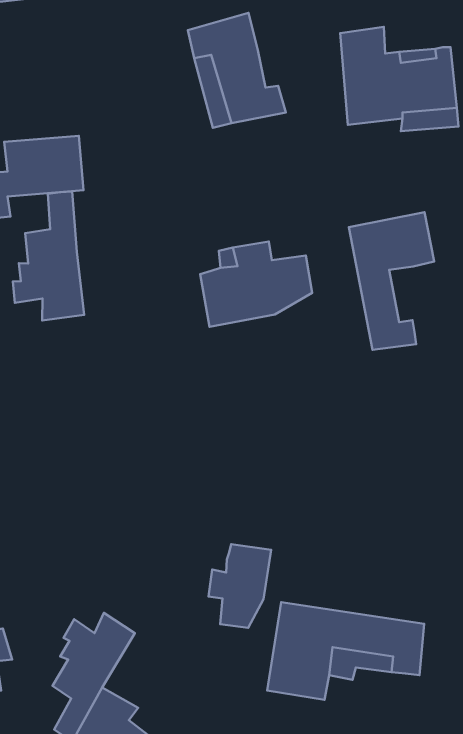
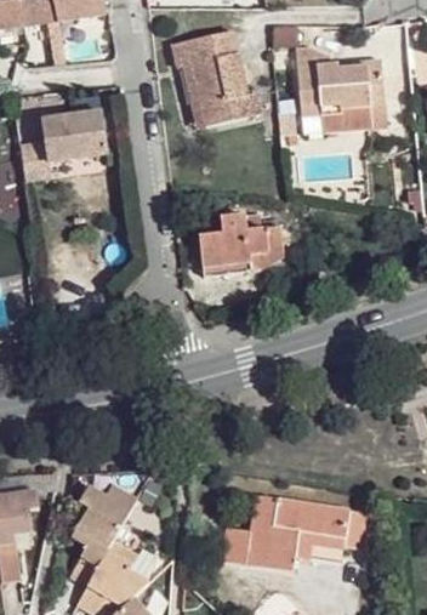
building: [13,192,84,321] -> none
building: [349,212,434,350] -> none
building: [208,544,271,628] -> none

